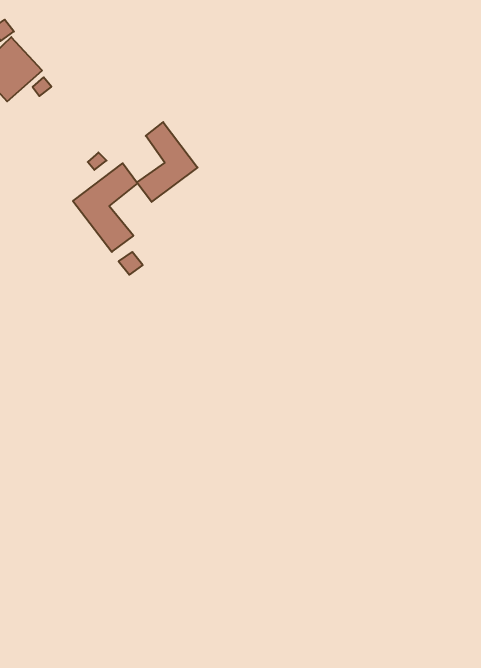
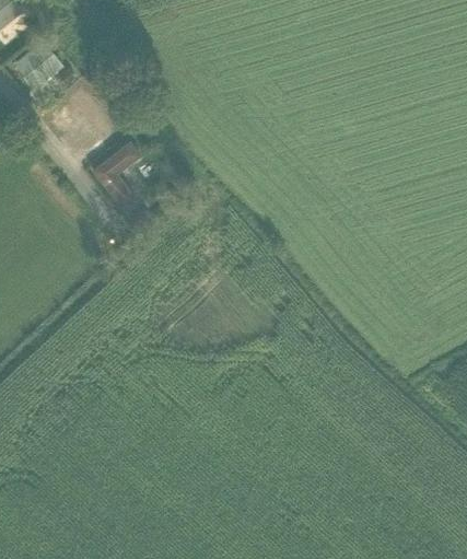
building: [137,122,198,202] -> none

